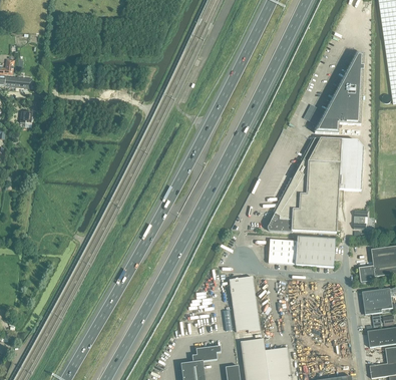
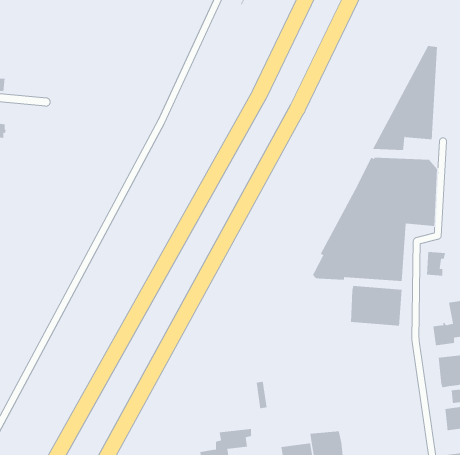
building: [269,239,297,264] -> none
building: [229,276,260,331] -> none
building: [241,338,266,359] -> none

